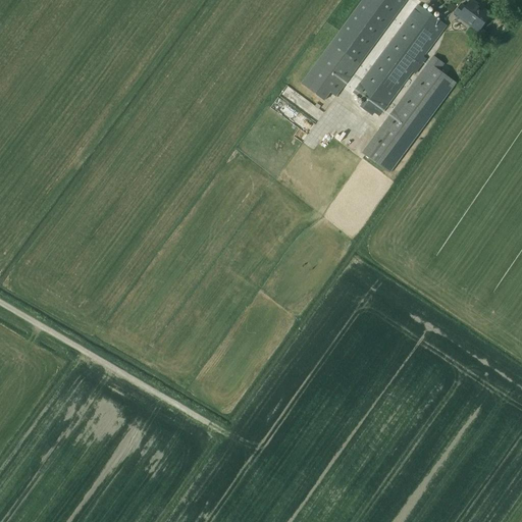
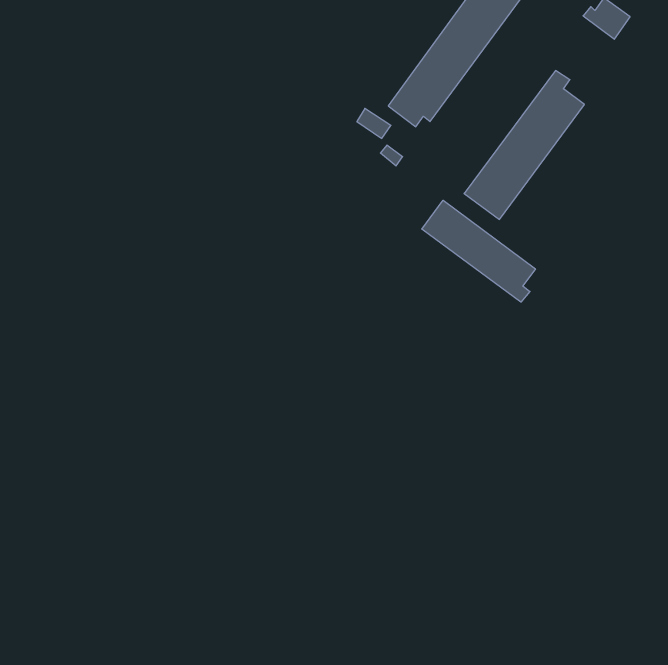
building: [354,4,447,111] -> none
building: none -> [422,200,535,302]

